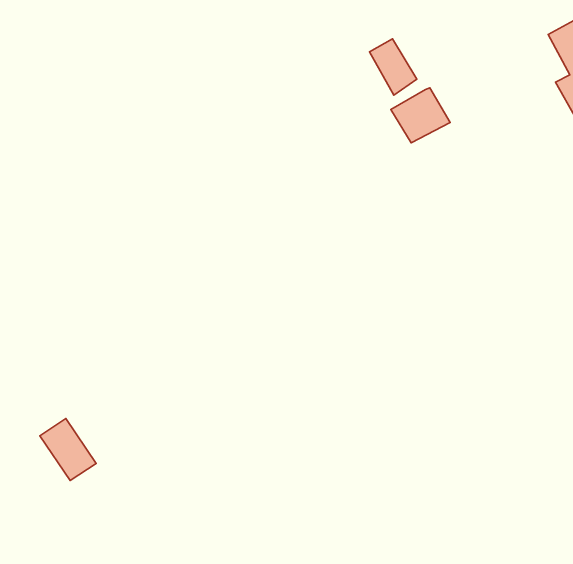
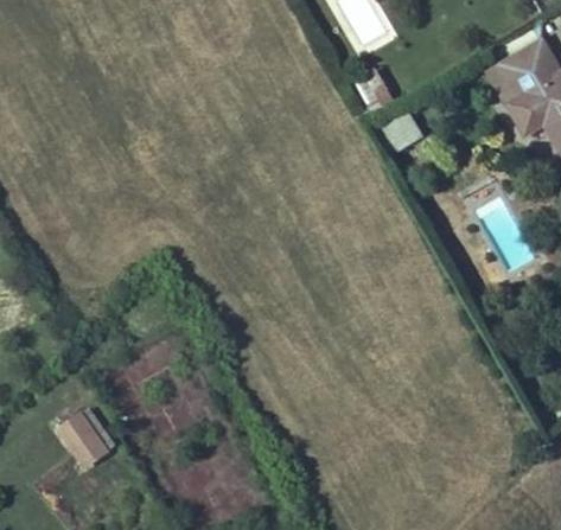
building: [40,419,96,481] -> [59,413,106,464]

